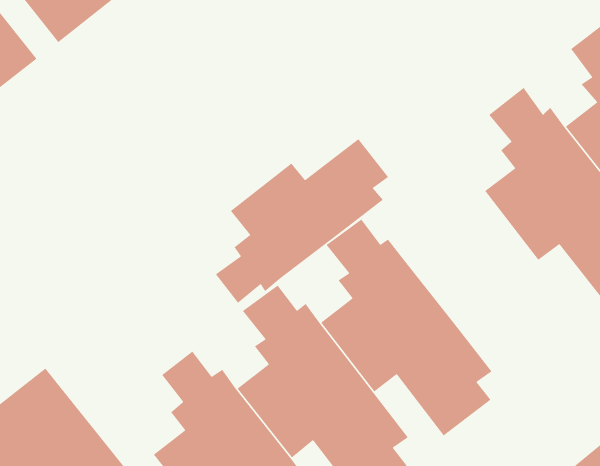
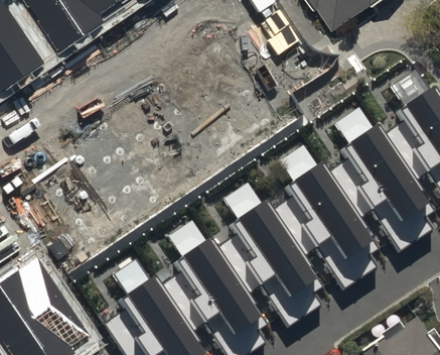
building: [215,138,389,304] -> none
building: none -> [269,140,376,283]

